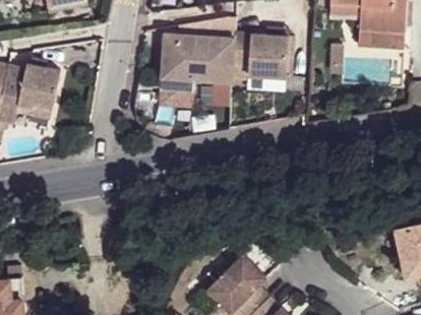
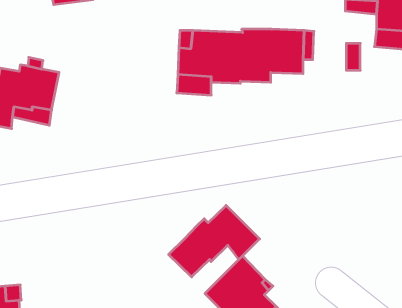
building: none -> [169,205,260,277]

